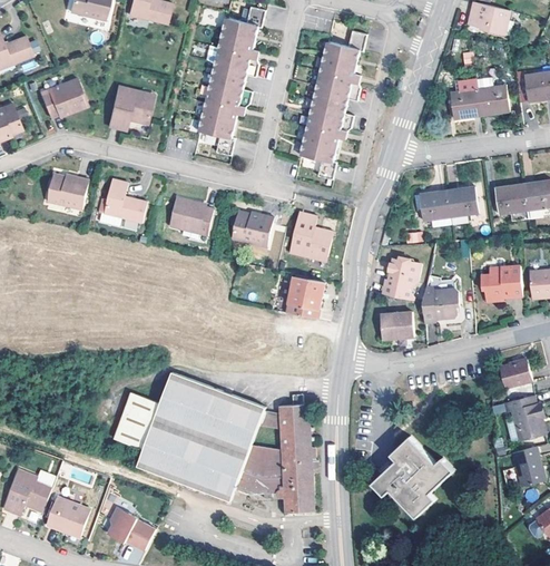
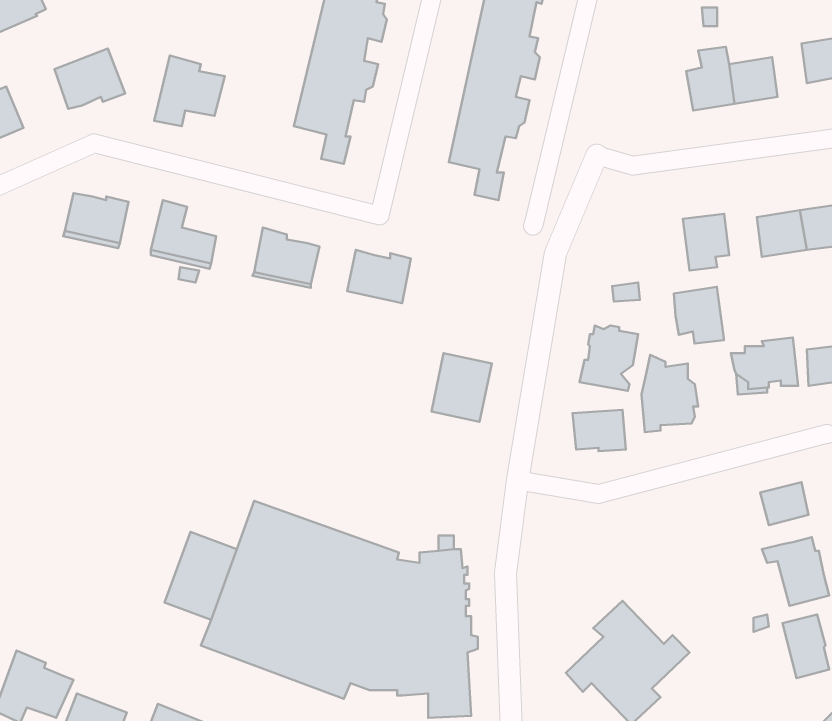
building: [421,189,453,226] -> [674,287,724,343]
building: [288,208,332,254] -> none

